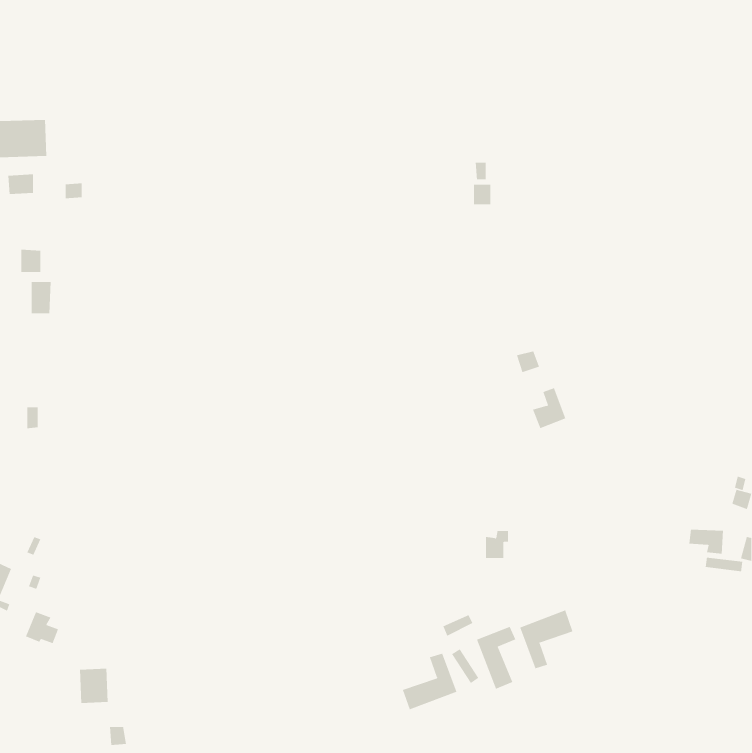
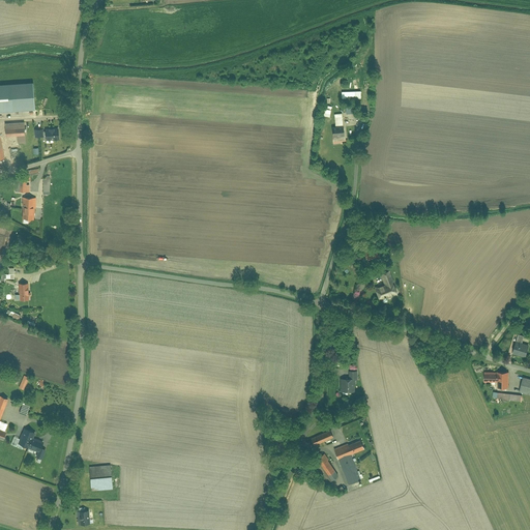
building: [519,610,573,669] -> none
building: [402,653,457,710] -> none
building: [79,668,109,703] -> [90,466,111,491]

